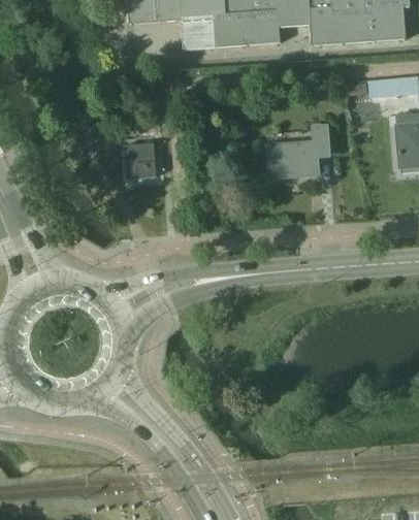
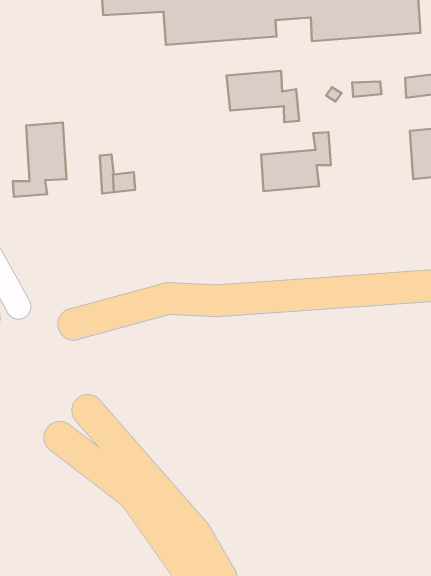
building: none -> [227,71,299,122]
building: none -> [13,122,67,197]

